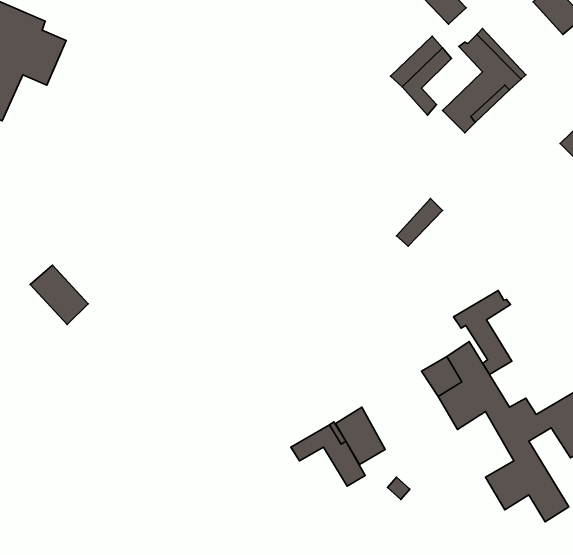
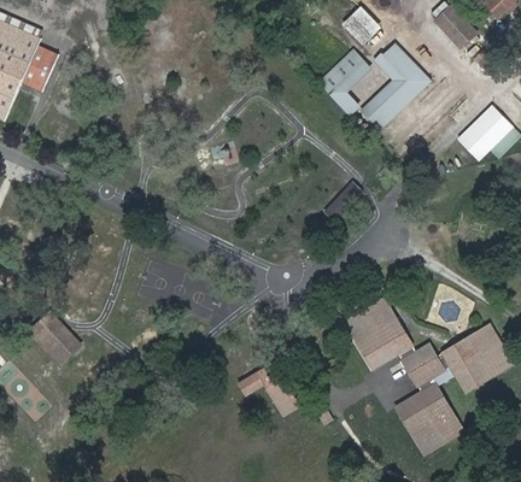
building: [30,265,88,325] -> [31,313,78,362]
building: [454,291,512,374] -> none
building: [335,407,385,465] -> none
building: none -> [412,422,445,454]

